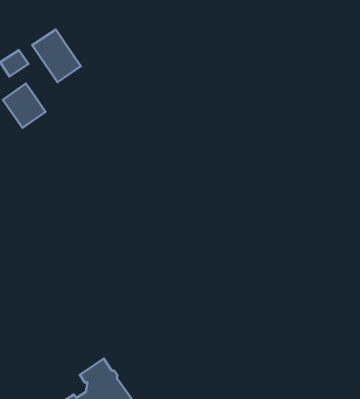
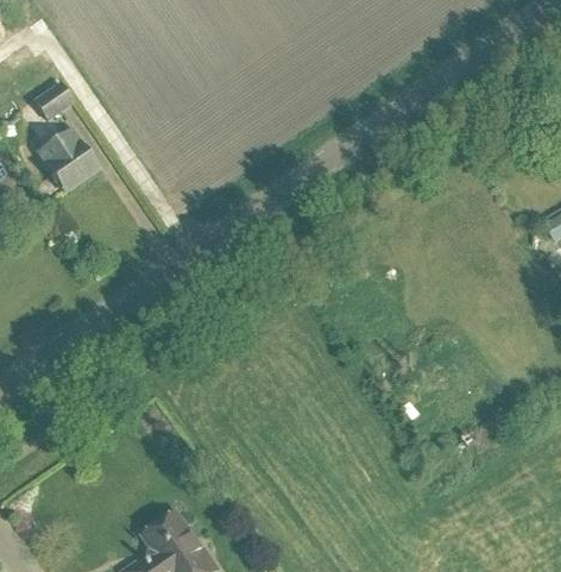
building: [32,29,81,82] -> none

